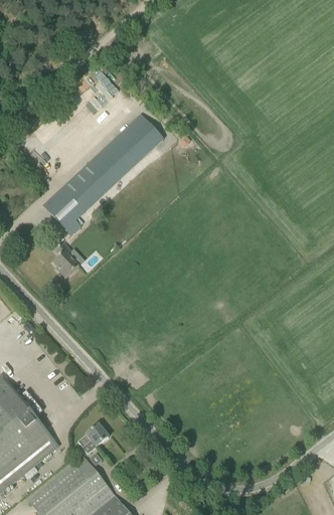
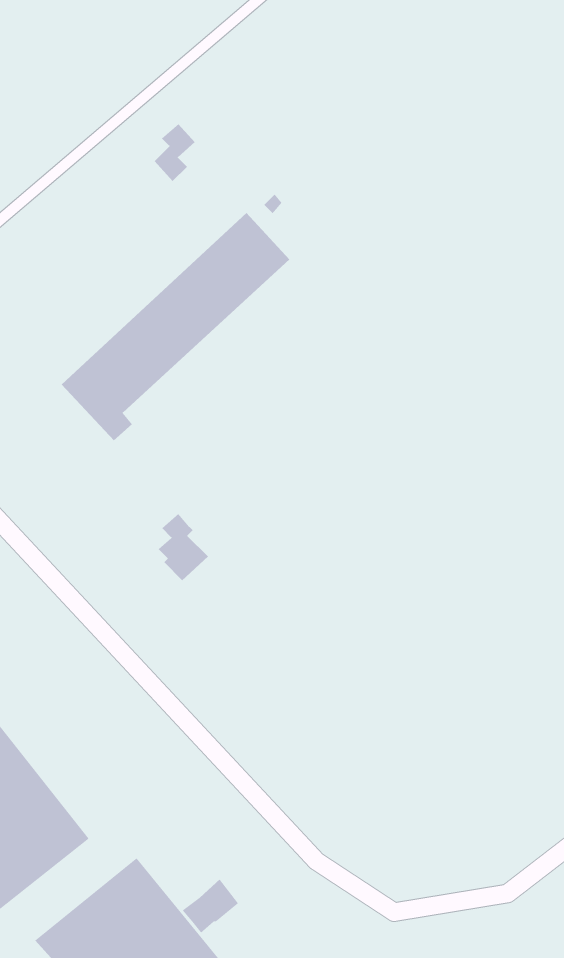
building: [52,242,79,279] -> [158,513,209,581]
building: [77,424,108,454] -> [182,878,239,933]

